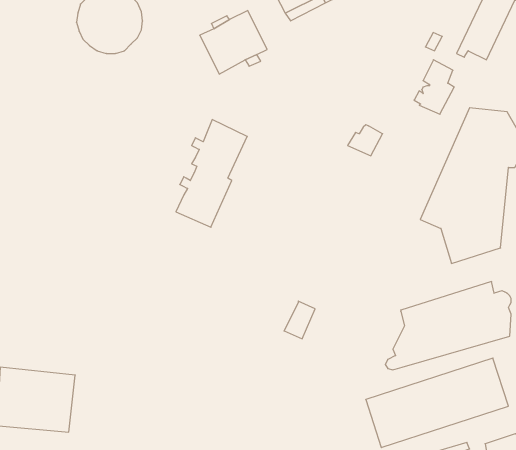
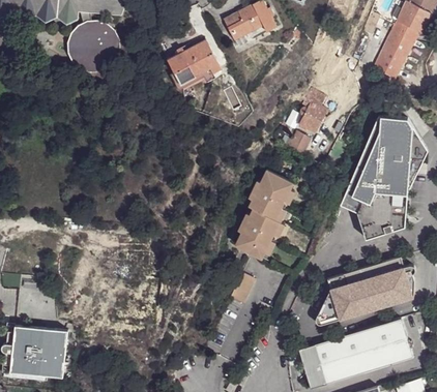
building: [414,60,454,114] -> [294,88,326,131]
building: [176,120,247,227] -> [237,170,294,255]

